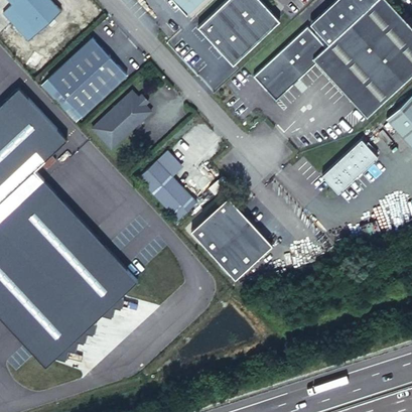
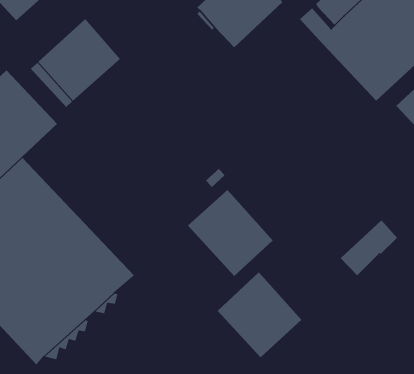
building: [252,38,367,117] -> none
building: [91,92,150,149] -> none
building: [319,141,374,194] -> [340,220,398,276]
building: [136,151,194,223] -> none
building: none -> [217,271,302,358]

